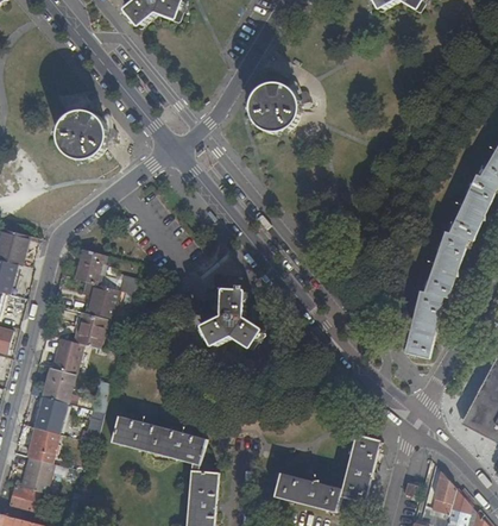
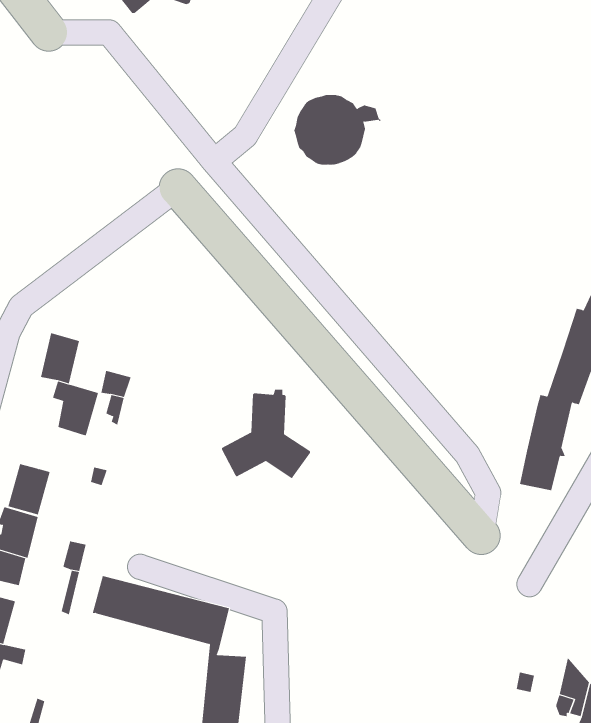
building: [57,111,108,161] -> none
building: [74,312,106,347] -> none
building: [273,434,379,512] -> none

